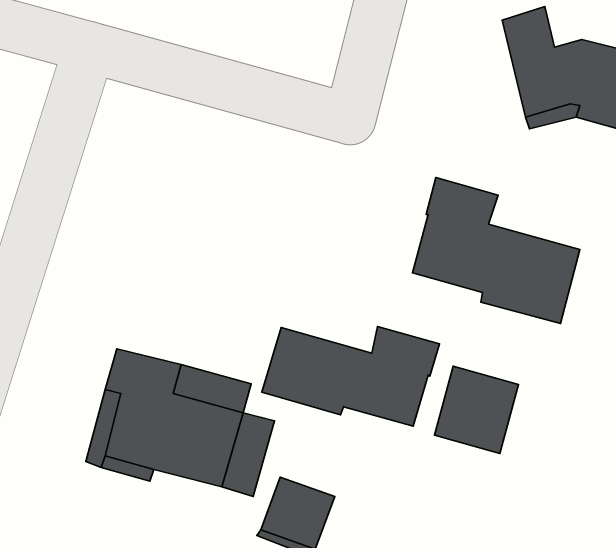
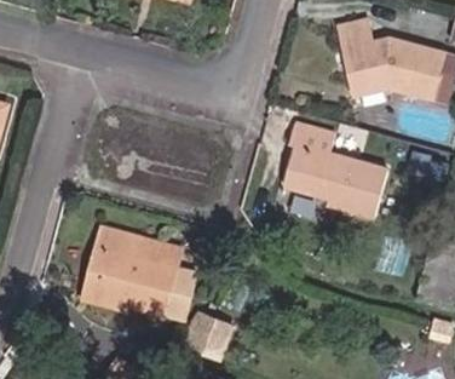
building: [262,327,439,426] -> none
building: [435,366,518,454] -> none

